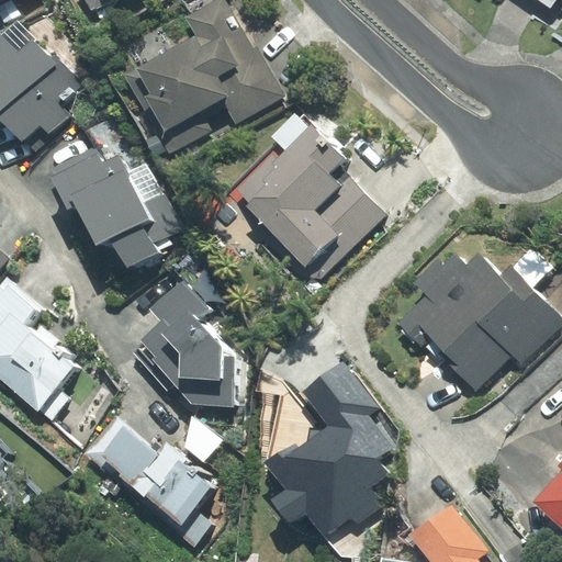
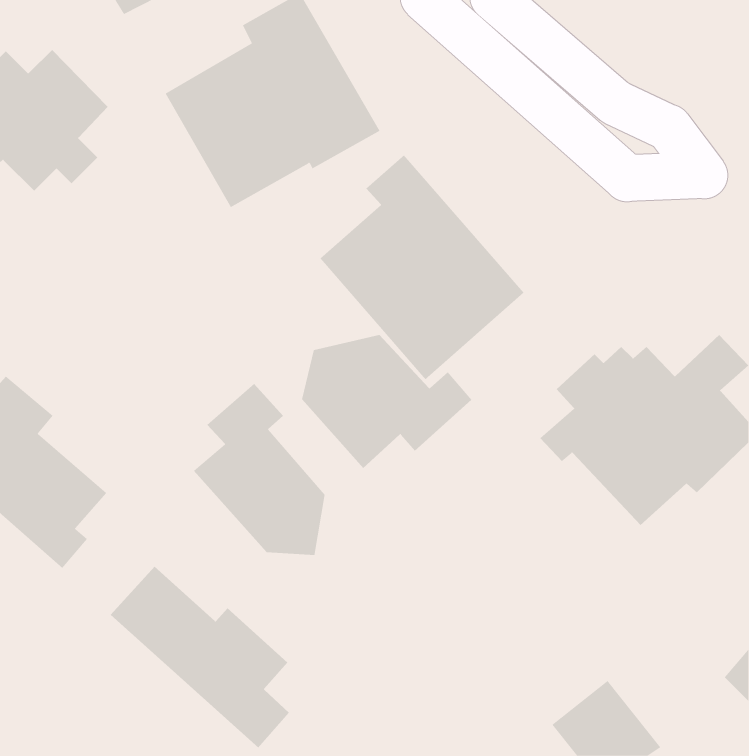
building: [46,128,165,277] -> none
building: none -> [301,334,472,469]
building: [269,357,393,537] -> none

